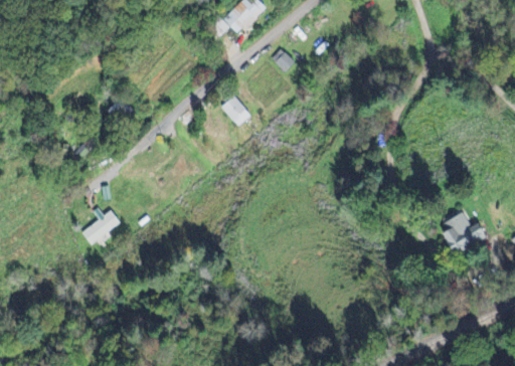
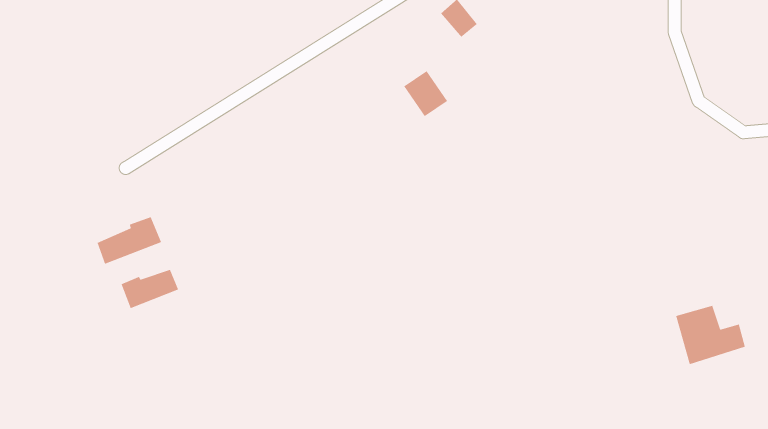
building: [219,97,248,126] -> [403,70,448,117]
building: none -> [121,269,179,309]

